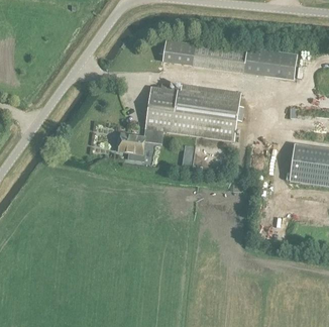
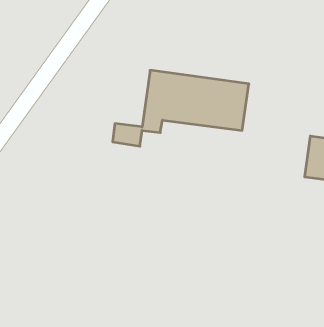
building: [162,38,297,78] -> none

